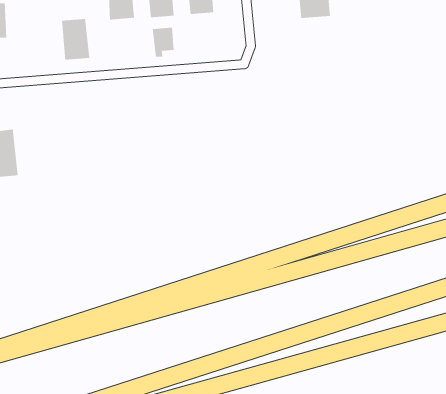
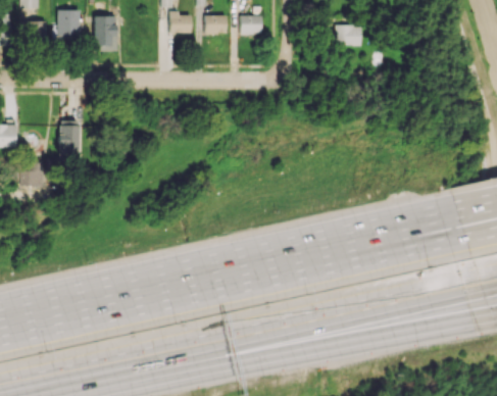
building: [61,19,90,60] -> [95,16,117,51]
building: [152,27,174,58] -> none

